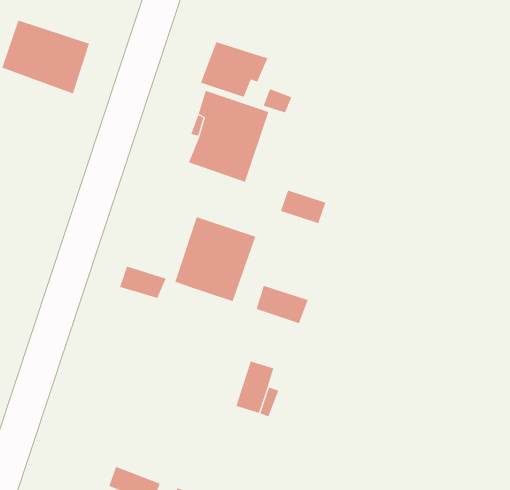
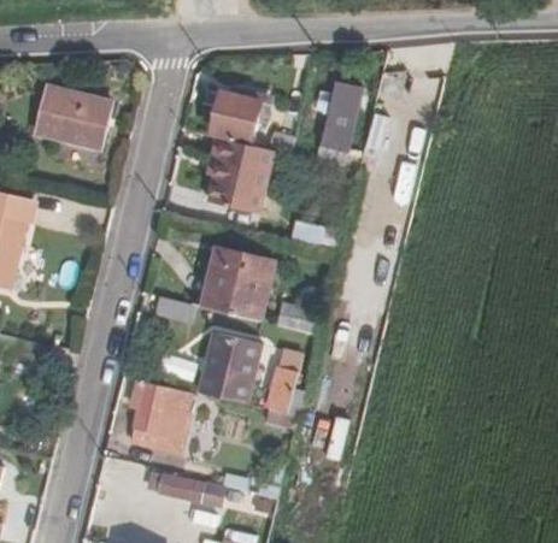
building: none -> [322,79,359,136]
building: none -> [196,332,260,406]
building: none -> [129,379,193,453]

